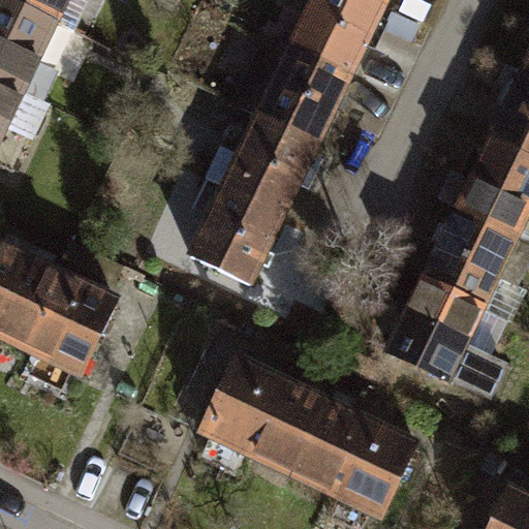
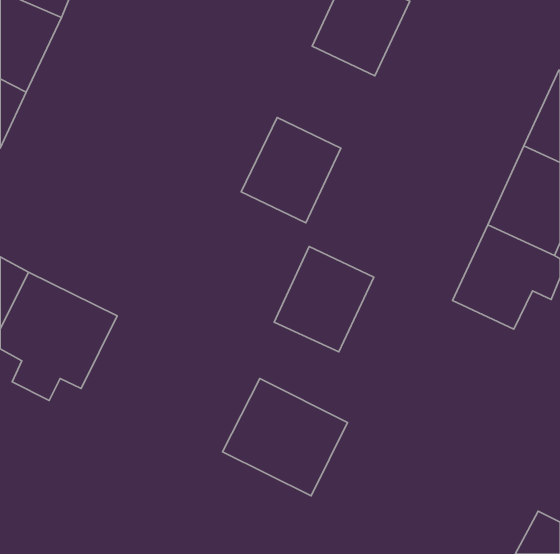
building: [241,34,353,139] -> none
building: [194,181,288,280] -> [274,246,374,352]
building: [396,283,506,394] -> none
building: [293,398,410,508] -> none

